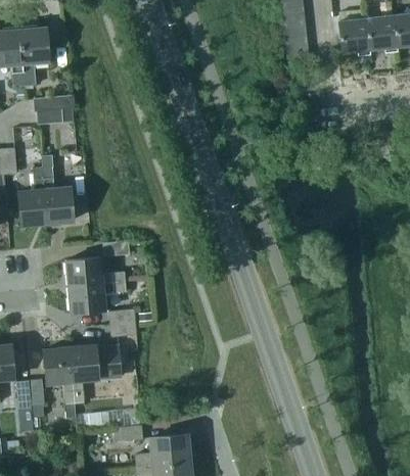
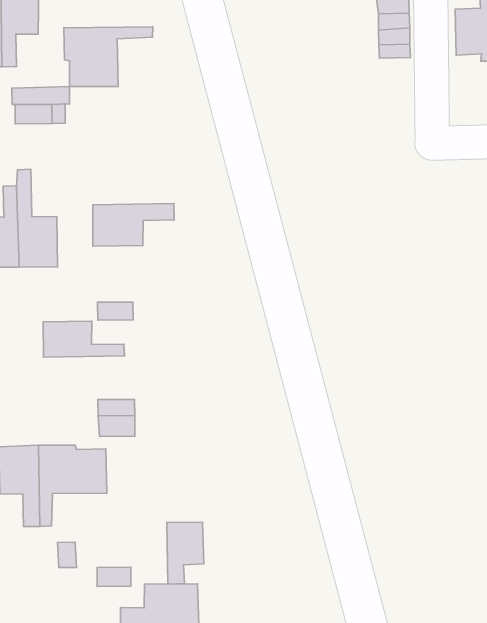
building: none -> [64,27,153,87]
building: [70,280,127,314] -> [93,204,174,246]
building: none -> [167,522,204,584]

